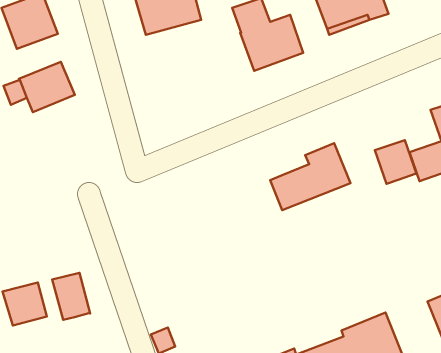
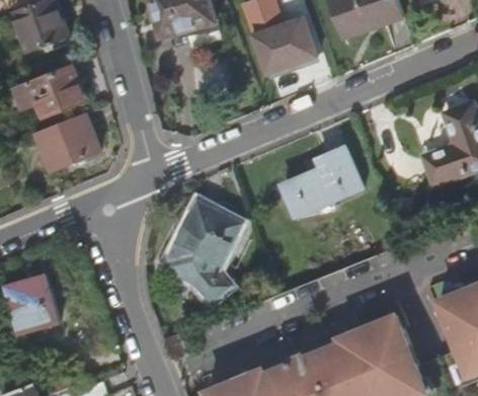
building: none -> [34,111,98,169]
building: [375,140,416,184] -> none
building: none -> [164,201,240,301]
building: [52,273,90,320] -> none

